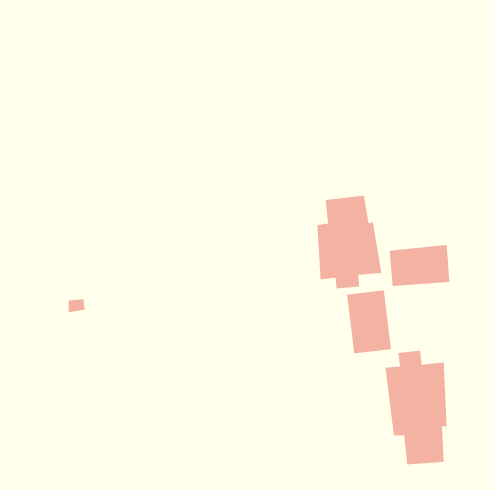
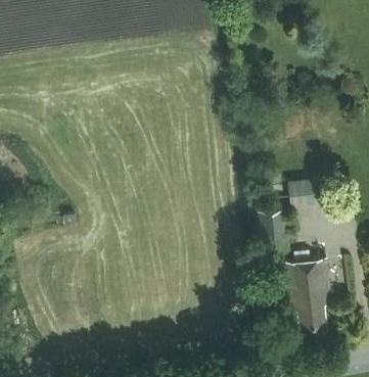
building: [317,195,382,289] -> none

